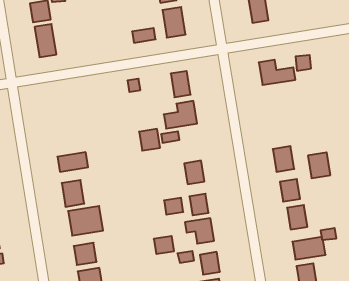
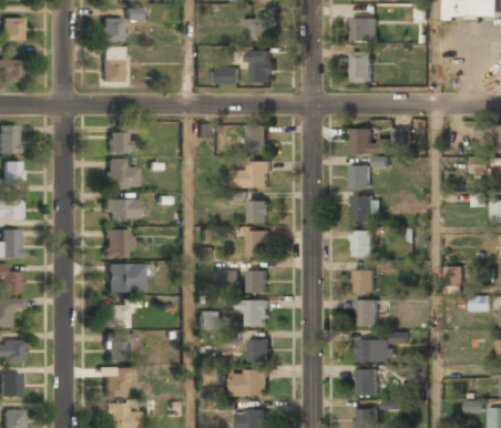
building: none -> [109,124,133,152]
building: none -> [349,164,370,187]
building: none -> [105,157,136,187]
building: [139,129,160,151] -> [249,200,270,222]
building: [308,152,330,178] -> [352,195,375,222]

